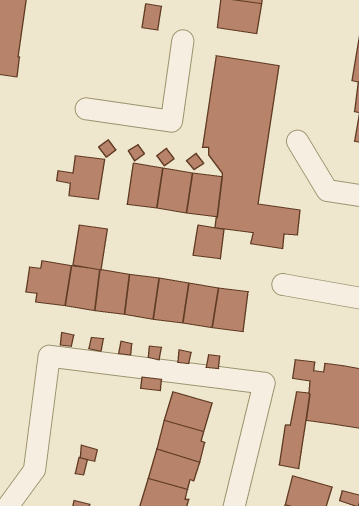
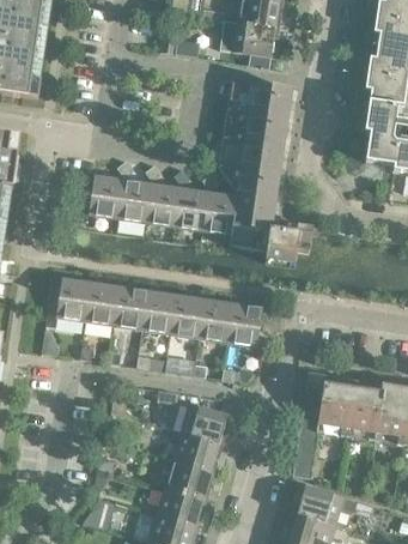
building: [193,225,224,259] -> none
building: [73,225,107,270] -> [117,179,151,222]

